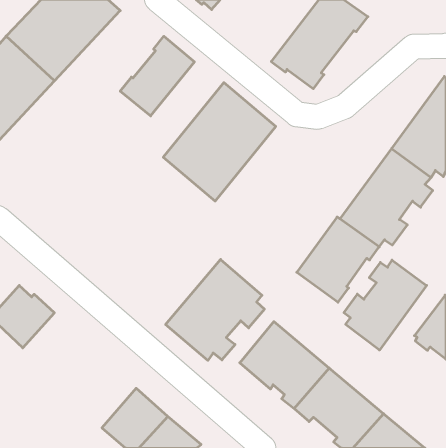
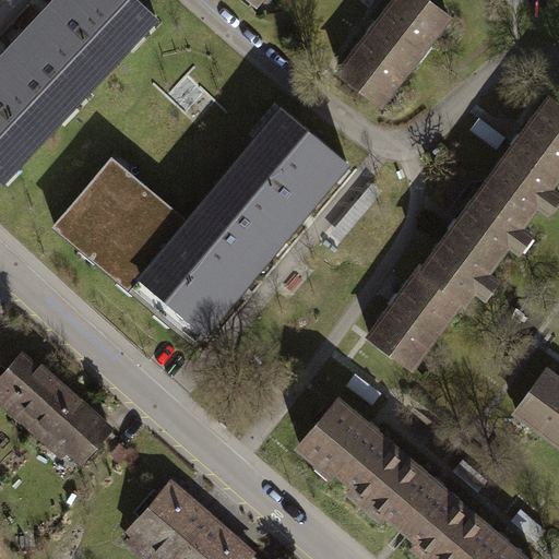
building: [120,36,194,116] -> none
building: none -> [50,156,267,341]
building: [166,259,264,360] -> none
building: [344,260,427,350] -> none
building: none -> [28,389,116,469]

